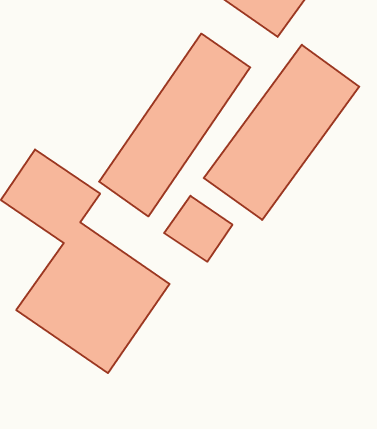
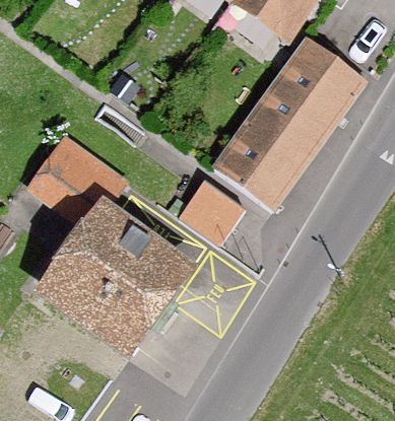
building: [99,34,250,216] -> none

